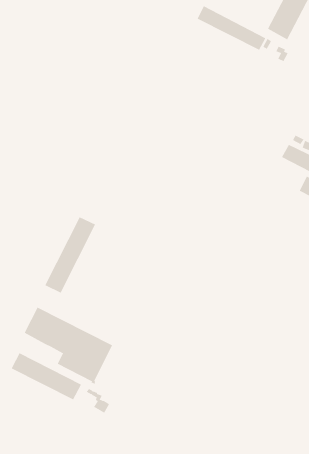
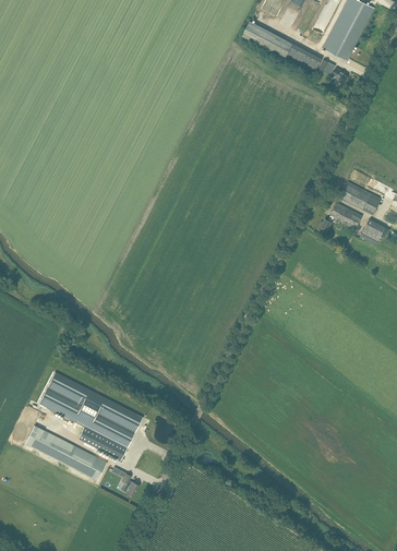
building: none -> [317,202,362,232]
building: [45,216,96,294] -> none

